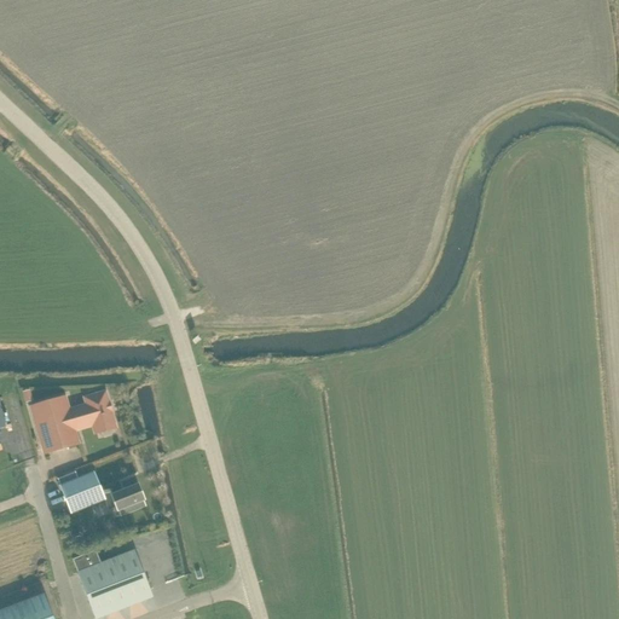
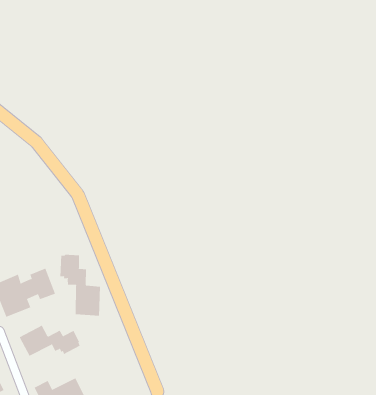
building: none -> [60,254,101,317]

